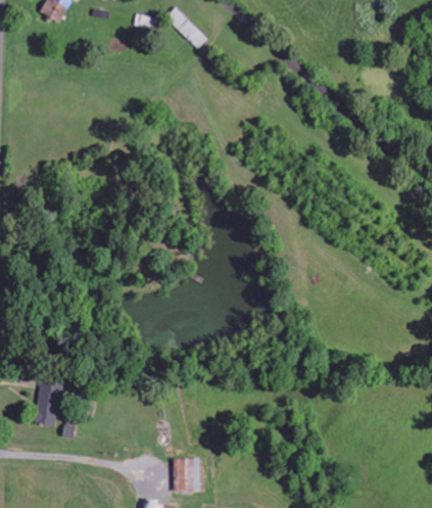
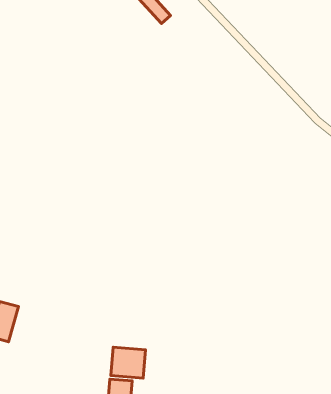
building: none -> [111,347,146,378]

